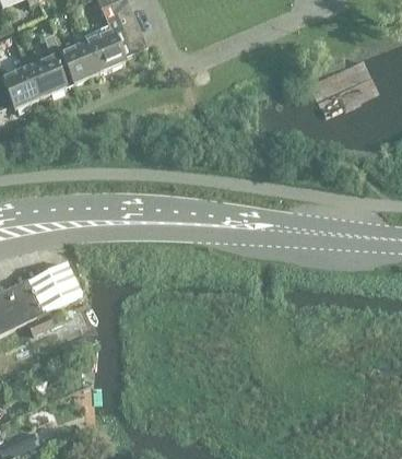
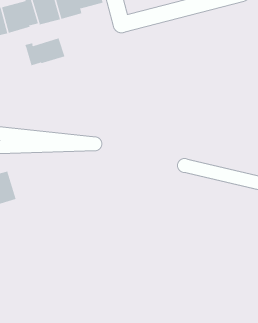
building: none -> [24,38,65,66]

